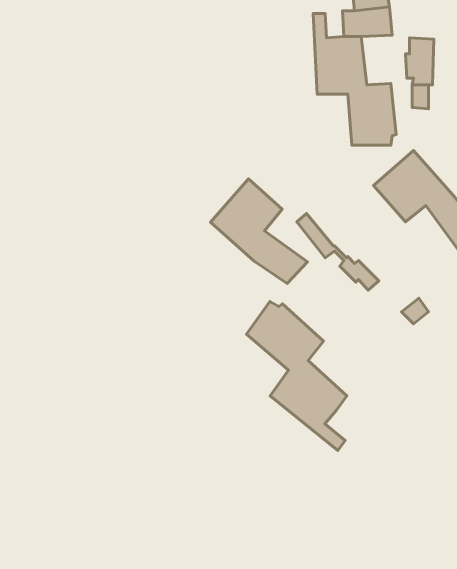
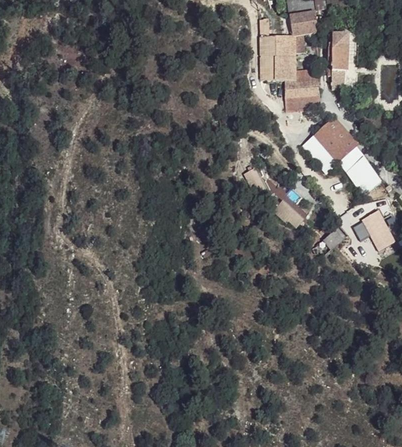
building: [210,179,308,284] -> none
building: [247,302,347,451] -> none

